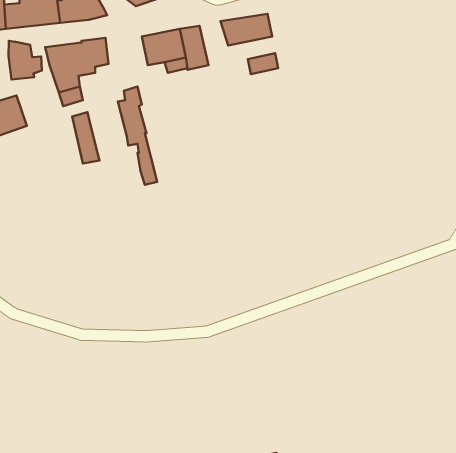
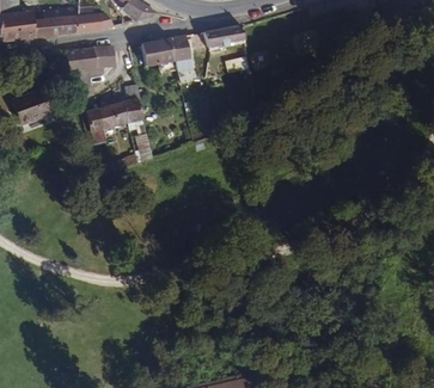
building: [8,41,42,79] -> none
building: none -> [100,96,130,129]

